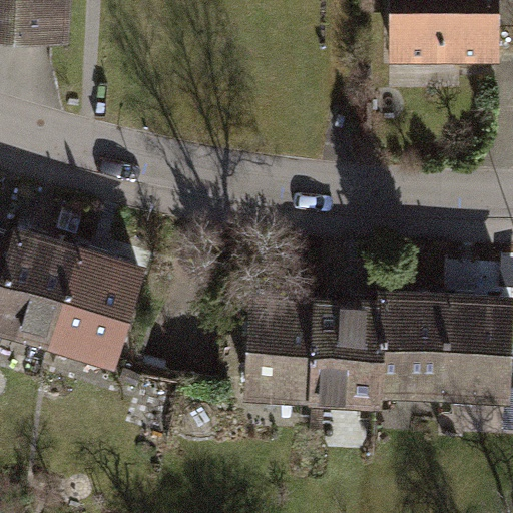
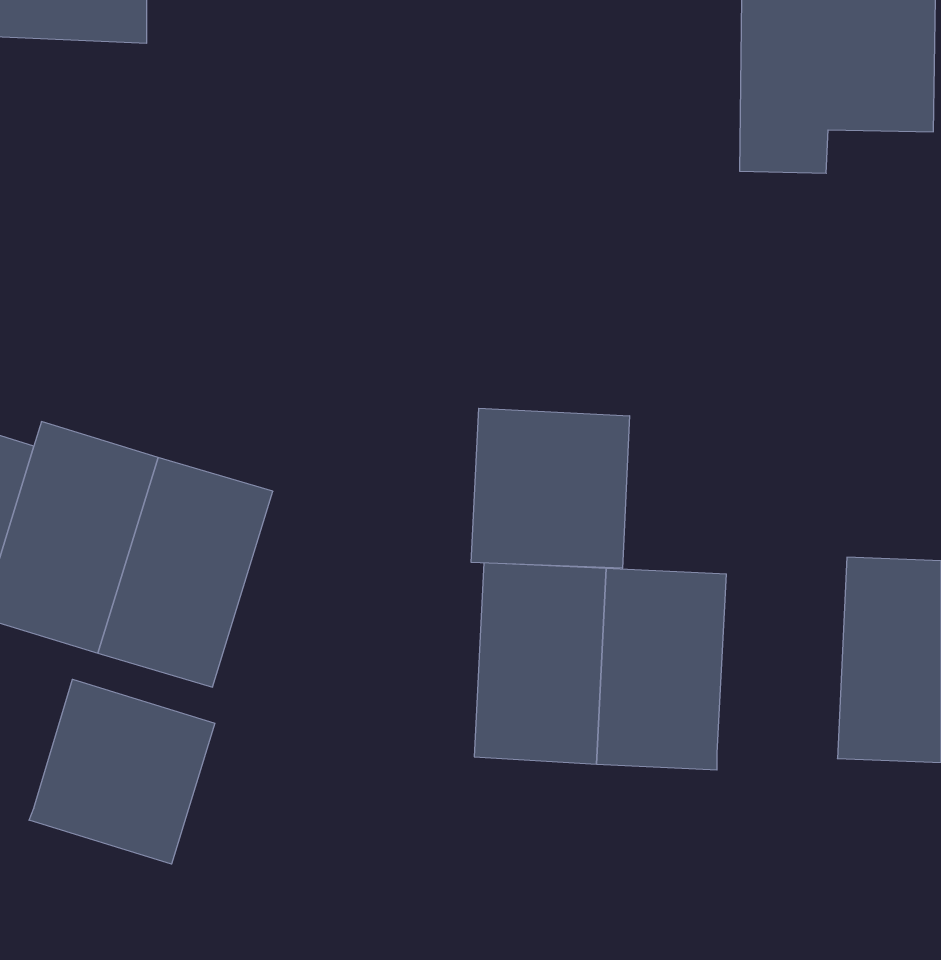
building: none -> [471,408,630,568]
building: [382,294,451,404] -> none
building: none -> [29,679,215,864]

